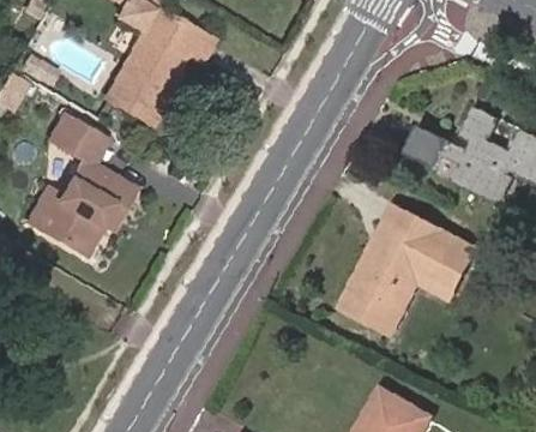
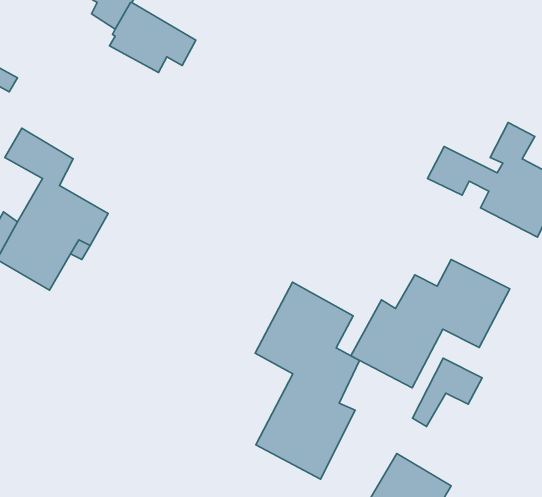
building: [104,42,176,121] -> none
building: [368,209,428,268] -> [412,358,482,427]
building: none -> [255,282,359,479]

